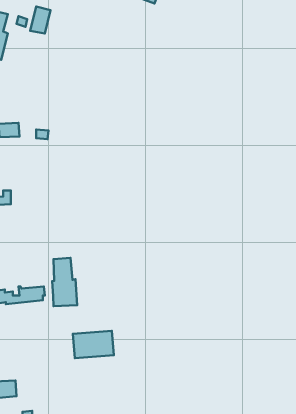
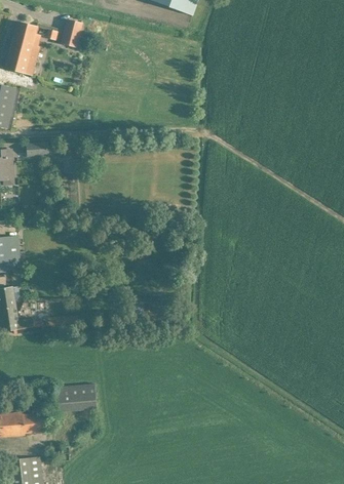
building: [52,258,77,306] -> none
building: [73,331,114,358] -> [54,384,98,412]

